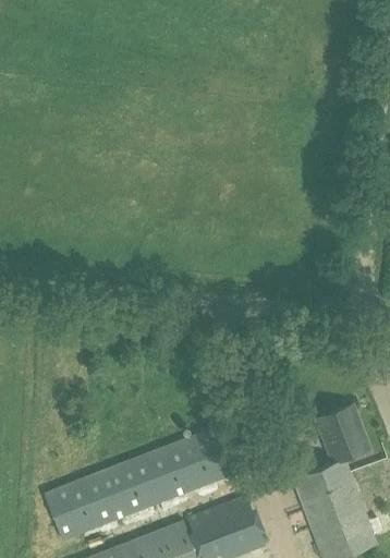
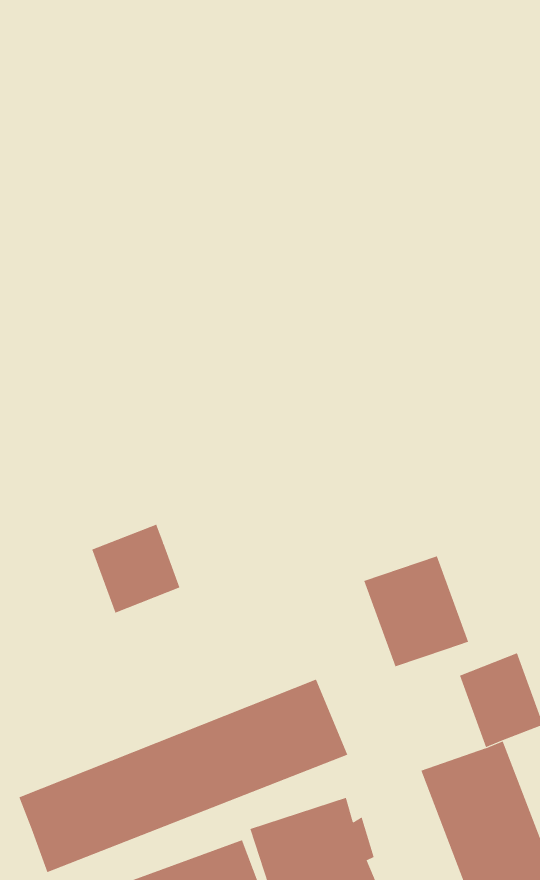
building: none -> [92,524,180,613]
building: none -> [364,555,469,667]

